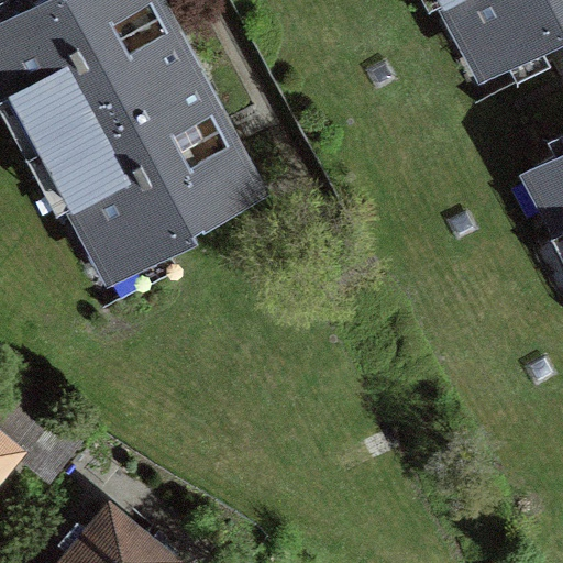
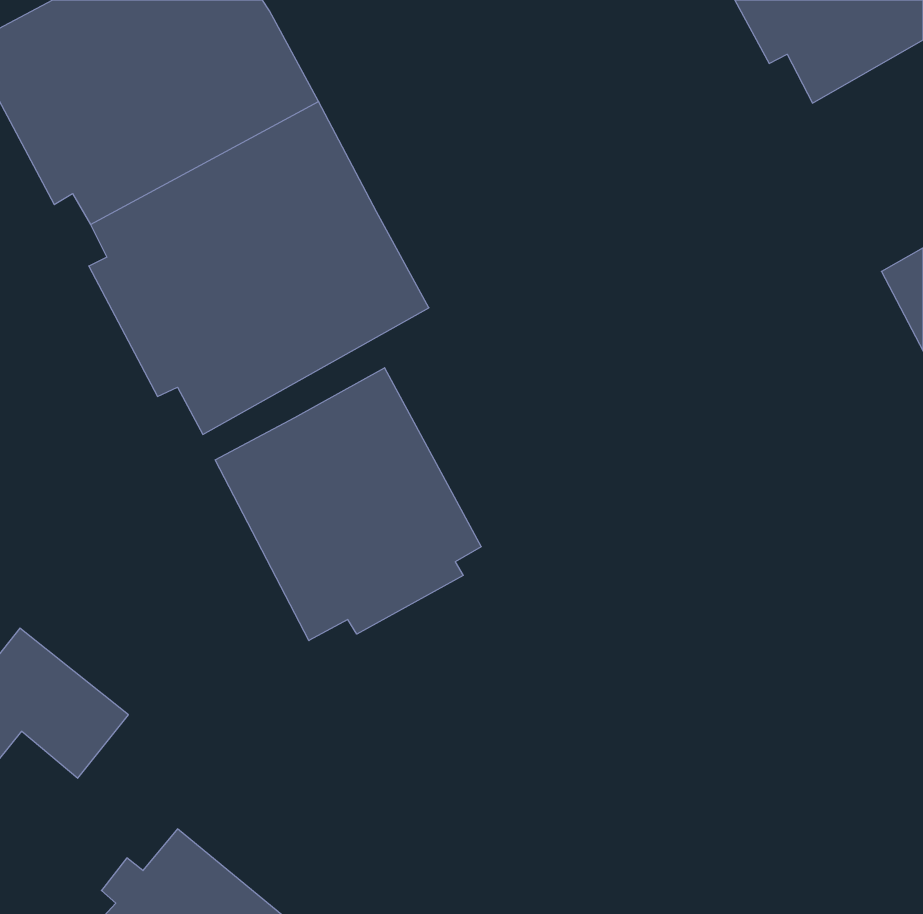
building: none -> [215,368,481,641]

